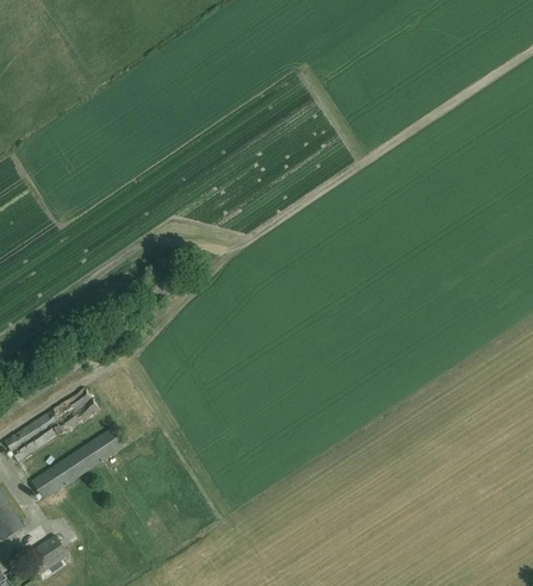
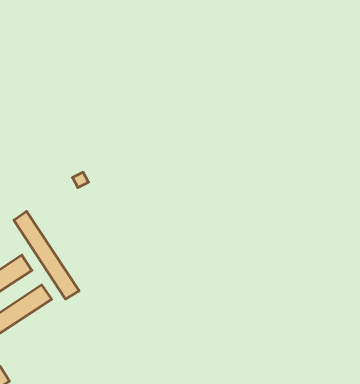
building: none -> [14,211,79,299]

